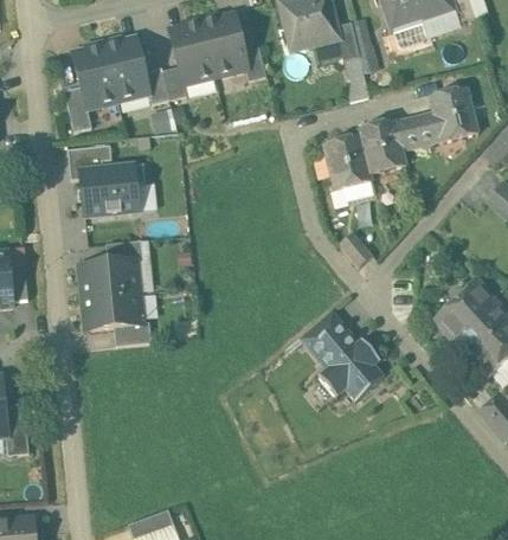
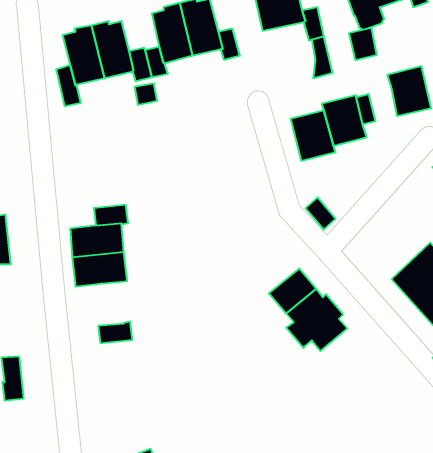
building: [409,111,439,147] -> [349,28,377,60]
building: [81,162,146,216] -> none
building: [114,321,152,345] -> [98,322,132,343]

